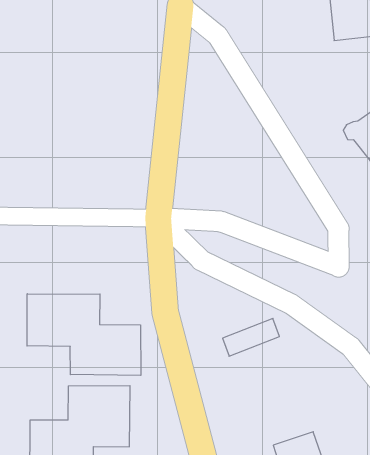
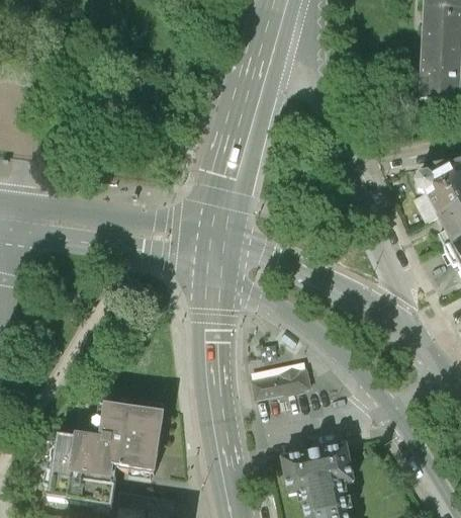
building: [27,294,141,375] -> none
building: none -> [281,443,354,492]

